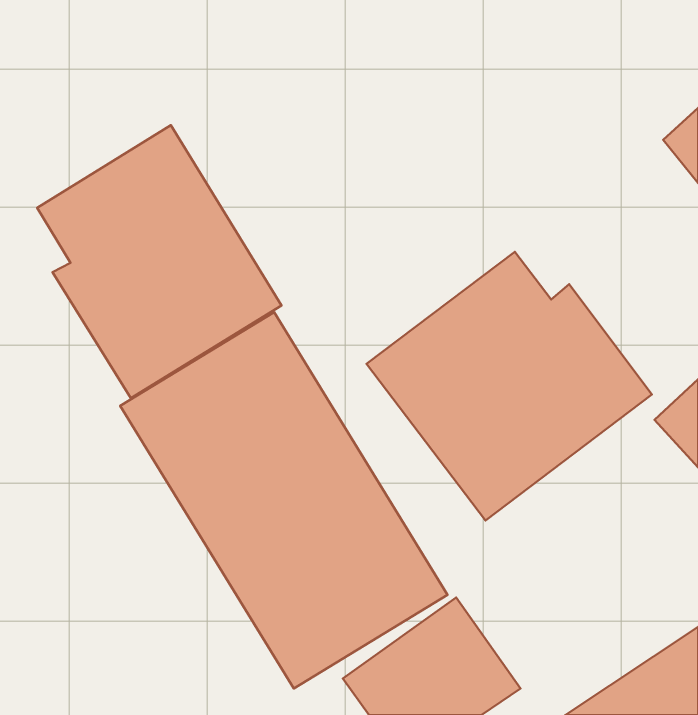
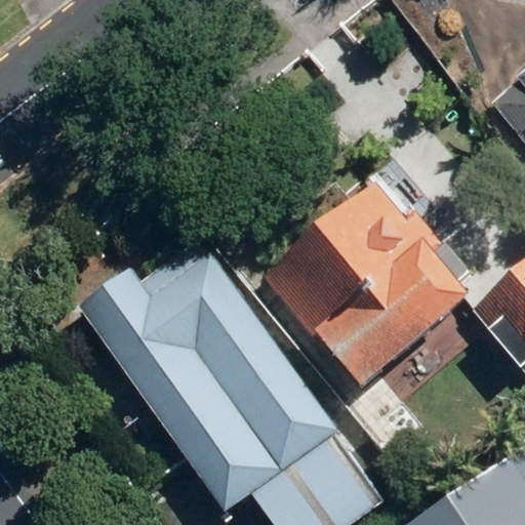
building: [37,125,281,398] -> none

